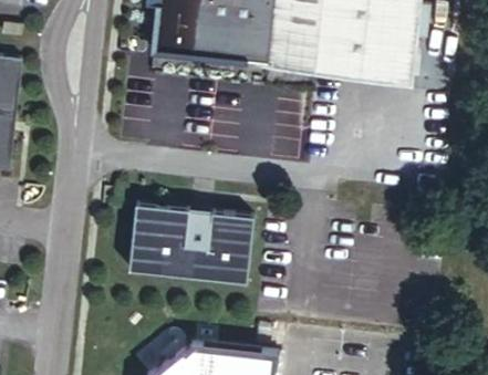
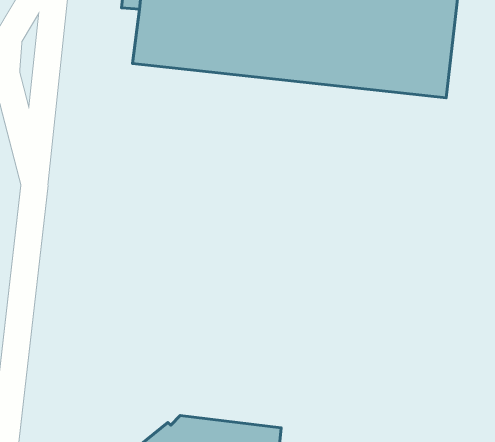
building: [129,204,251,280] -> none

